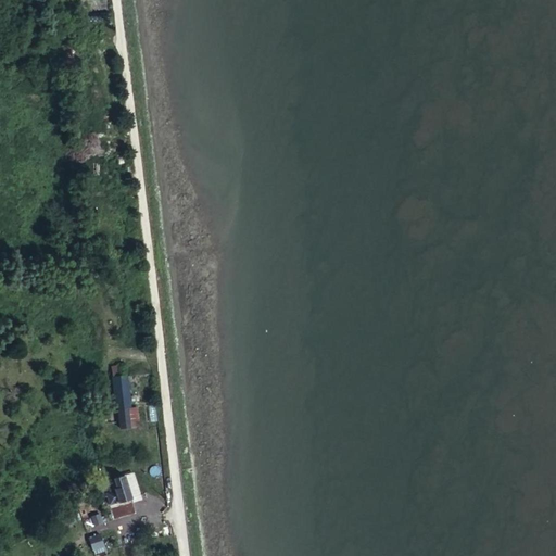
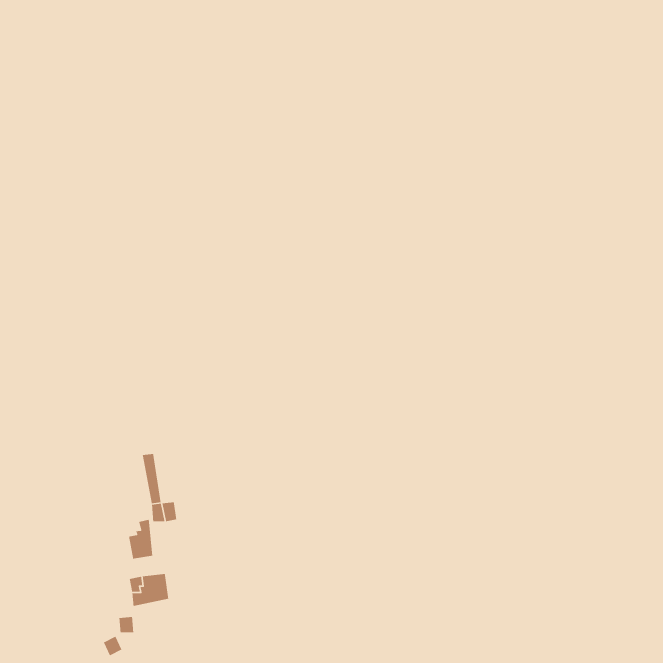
building: none -> [128,519,153,559]

